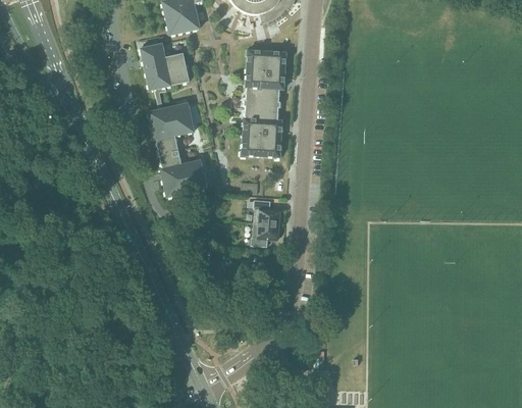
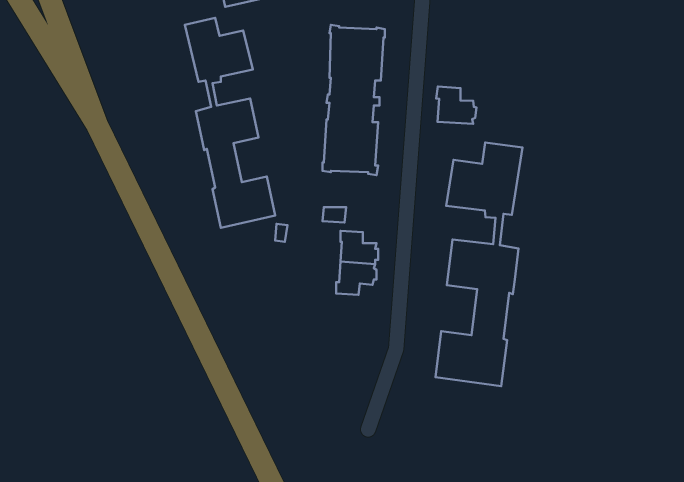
building: none -> [436,86,477,124]
building: none -> [435,143,522,386]

